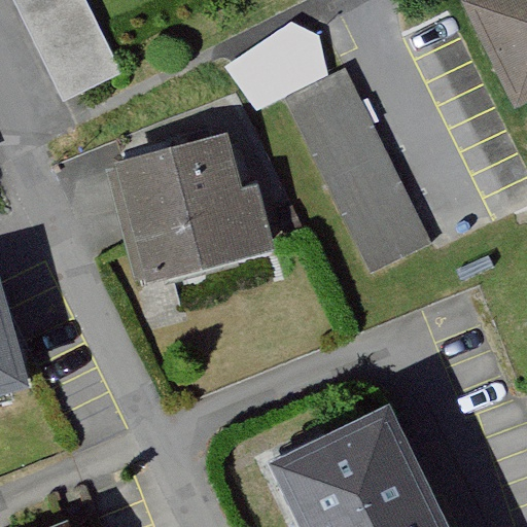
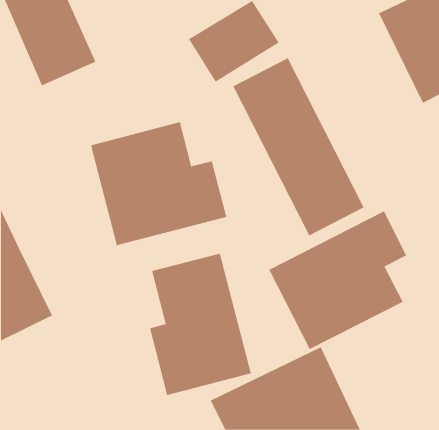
building: none -> [269,210,407,350]
building: none -> [150,253,251,396]

